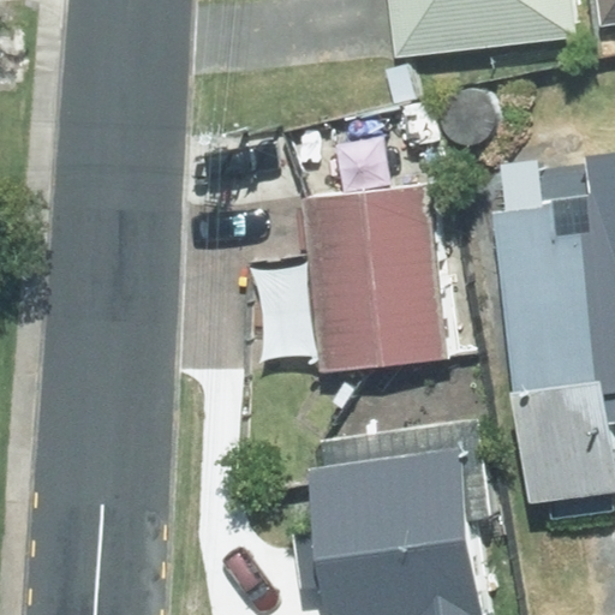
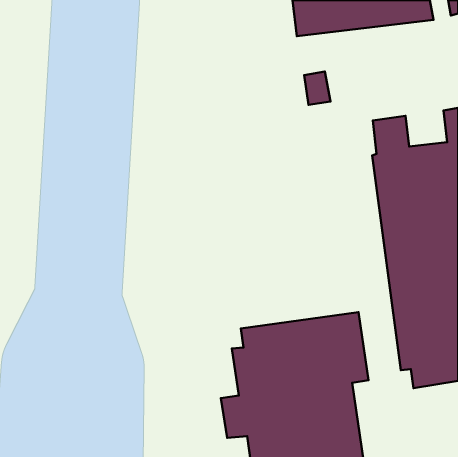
building: [303,186,443,366] -> none

